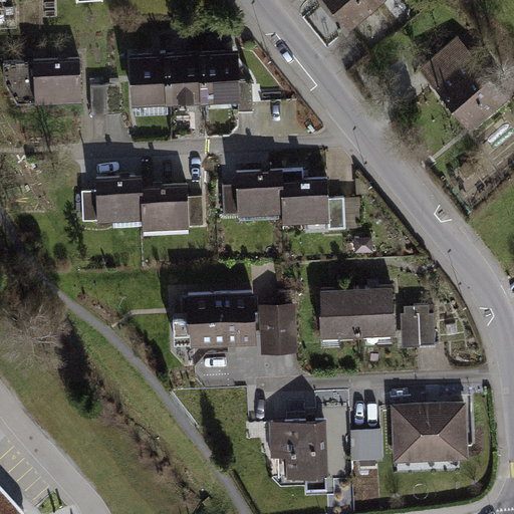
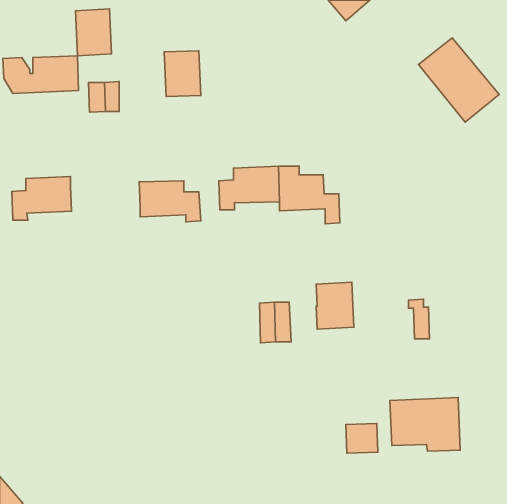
building: [201,53,252,113] -> none
building: [132,56,168,103] -> [76,9,111,56]
building: [81,178,142,222] -> [12,176,71,220]
building: [355,287,395,334] -> none
building: [173,293,254,343] -> none
building: [270,422,326,492] -> none

